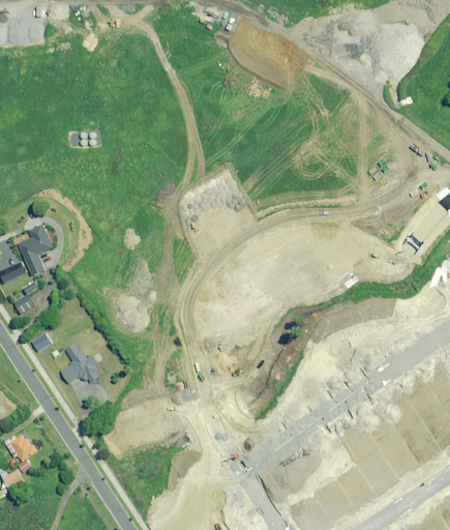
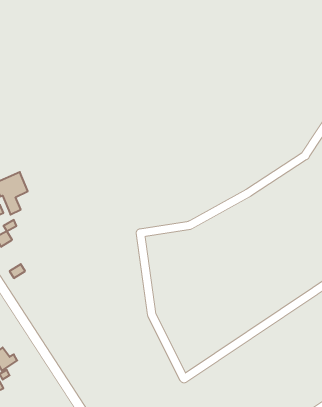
building: [60,343,98,383] -> none

